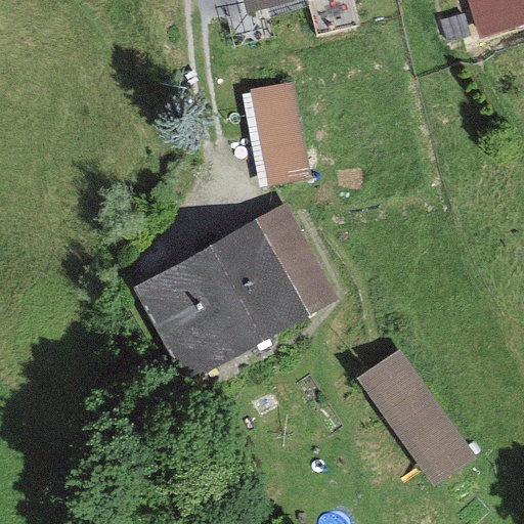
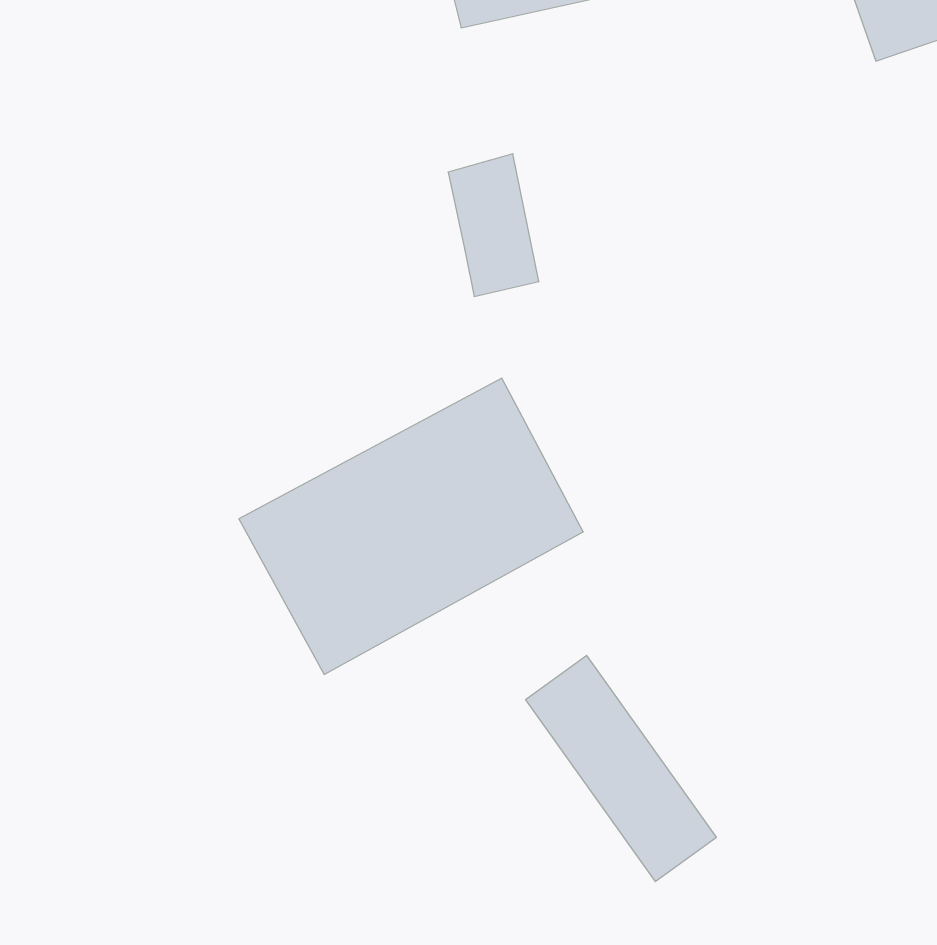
building: [362,355,468,480] -> [526,655,716,882]

